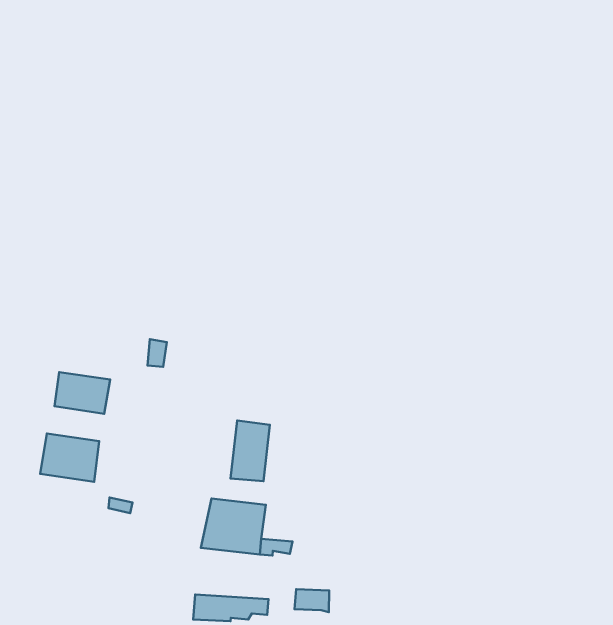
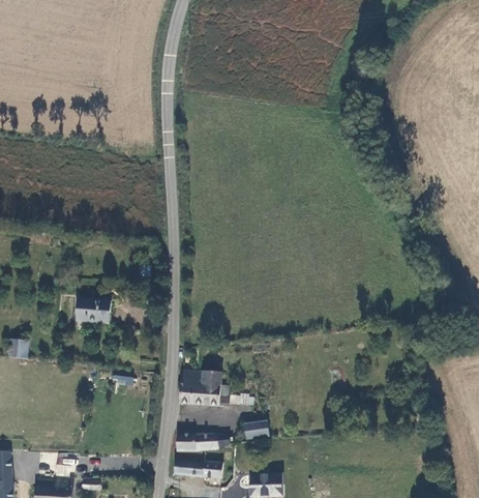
building: [231,421,270,481] -> none
building: [40,434,99,482] -> none

